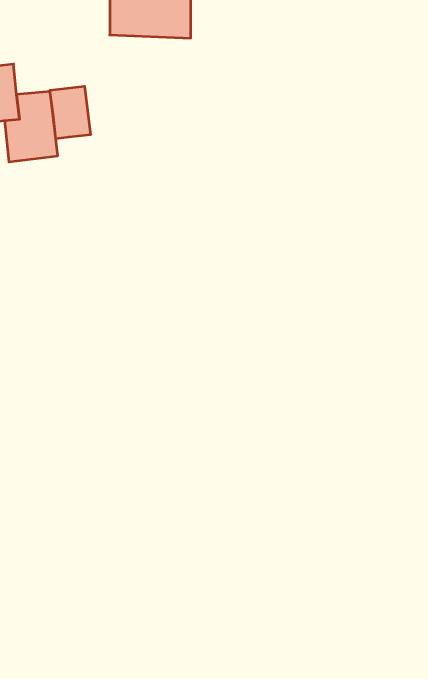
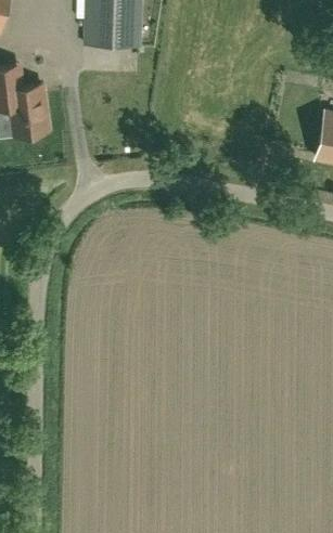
building: [50,86,90,139] -> none

